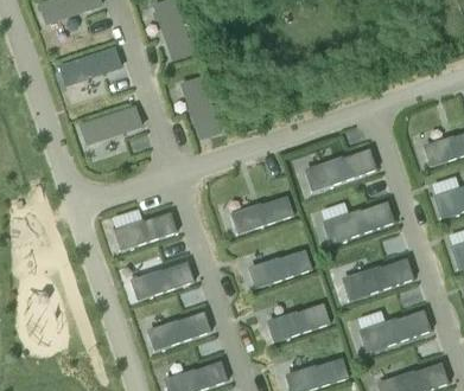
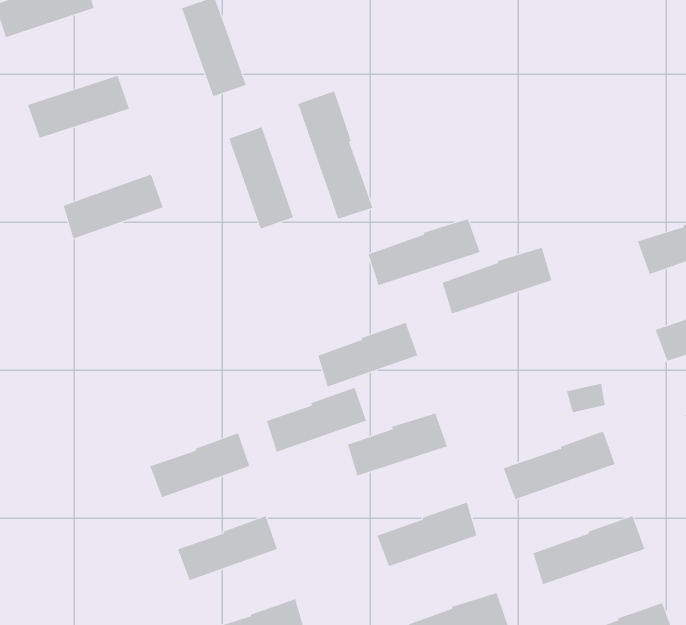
building: none -> [297,91,373,220]
building: [325,203,393,243] -> [368,219,480,286]
building: [115,211,176,250] -> [266,387,367,452]

